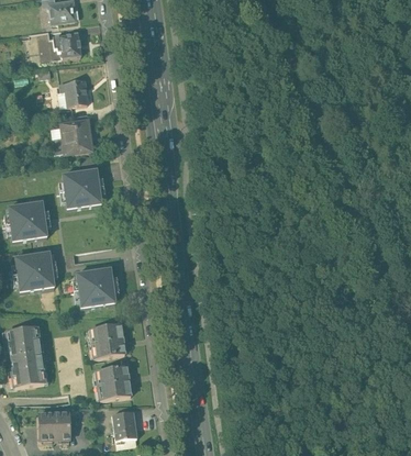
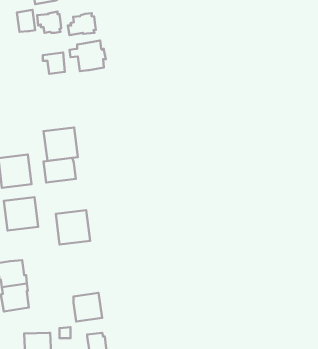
building: none -> [68,13,96,35]
building: [52,119,95,155] -> [70,41,106,71]
building: none -> [43,158,76,183]
building: [90,323,124,357] -> none

